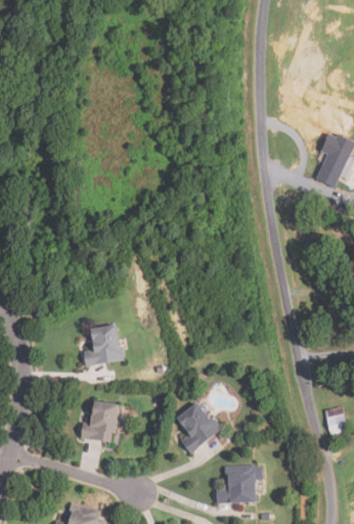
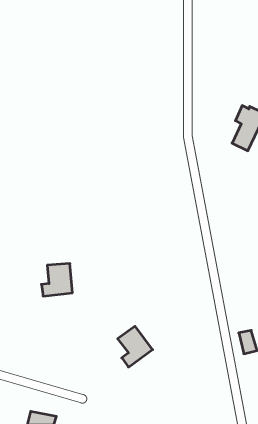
building: [80,399,118,441] -> none
building: [215,467,257,503] -> none

